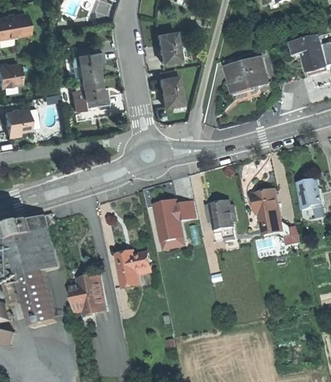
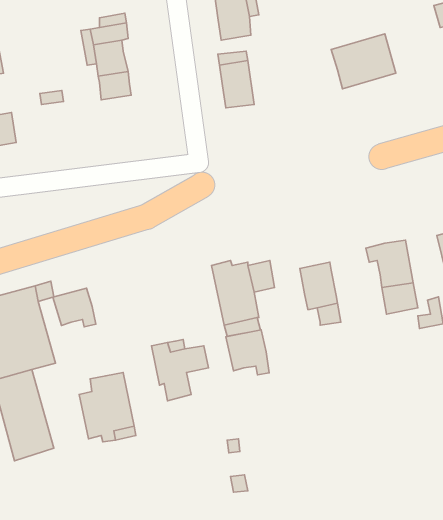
building: [72,88,110,110] -> none
building: none -> [53,288,96,327]
building: none -> [226,330,269,375]

